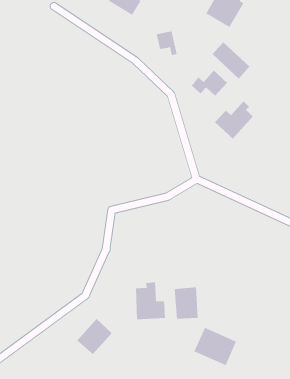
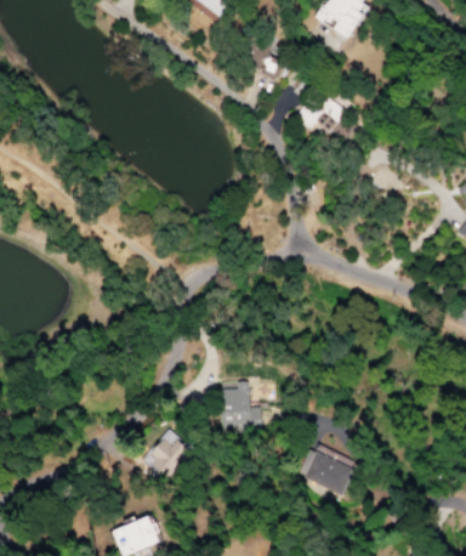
building: [212,42,250,80] -> none
building: [214,101,253,140] -> none
building: [174,287,198,320] -> none

